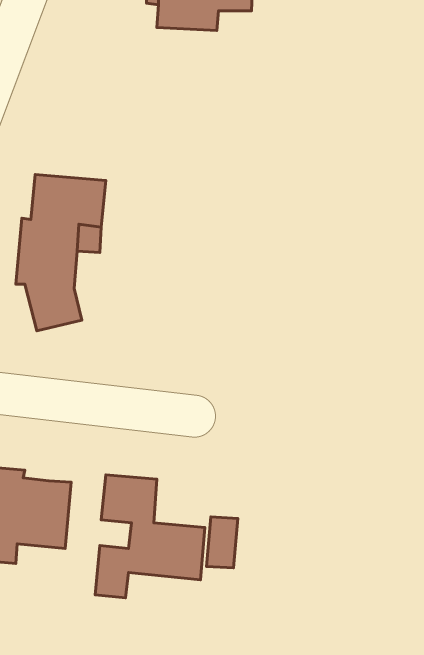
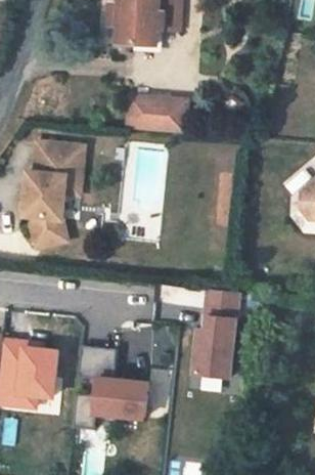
building: none -> [124,95,185,132]
building: none -> [195,290,239,377]

